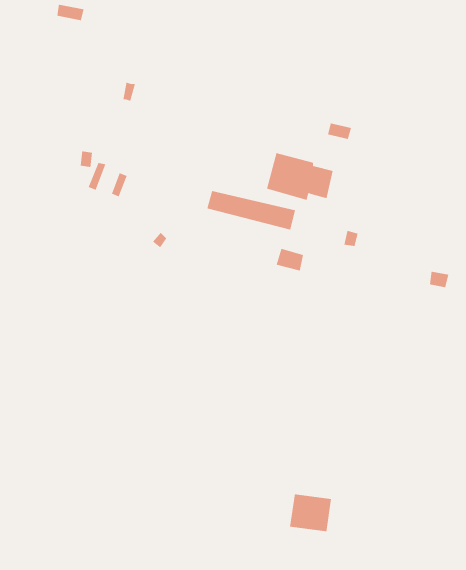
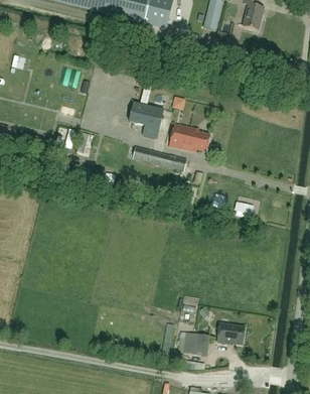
building: none -> [130,103,161,137]
building: none -> [216,322,244,343]

